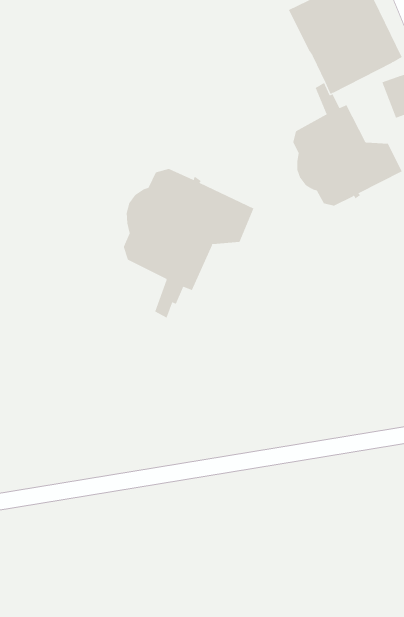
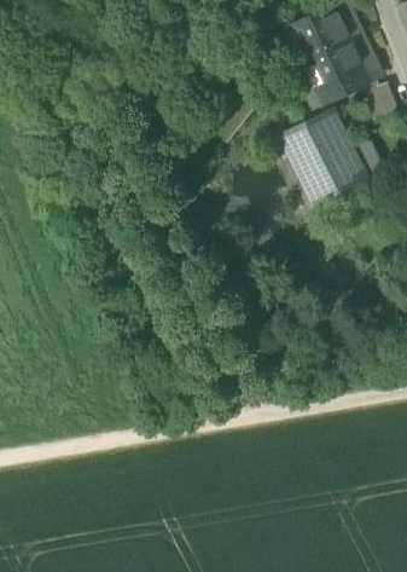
building: [123,168,254,318] -> none

